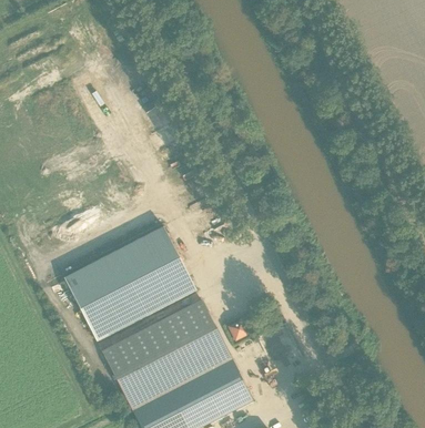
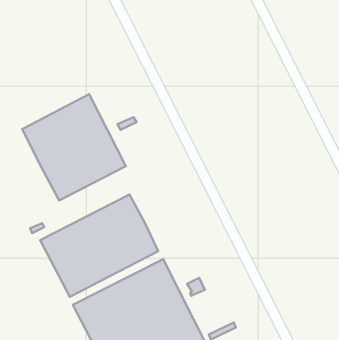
building: none -> [22,94,126,201]

